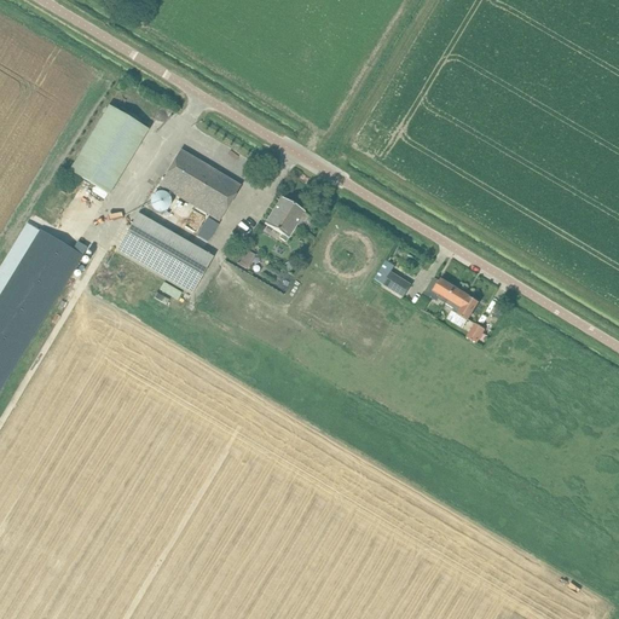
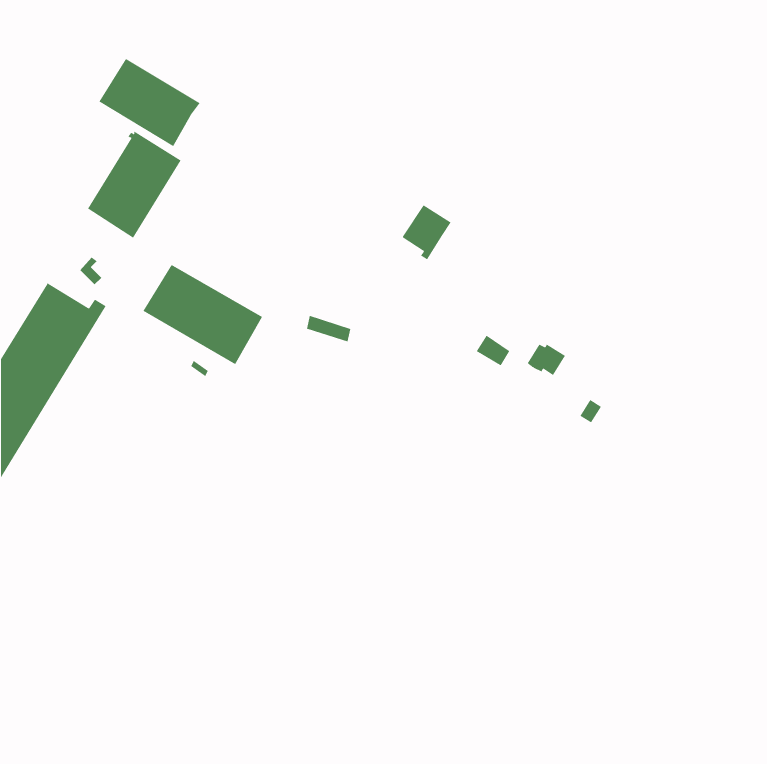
building: [158,149,241,220] -> [99,58,201,147]
building: [265,196,305,241] -> [402,205,452,260]
building: [446,287,479,319] -> none

